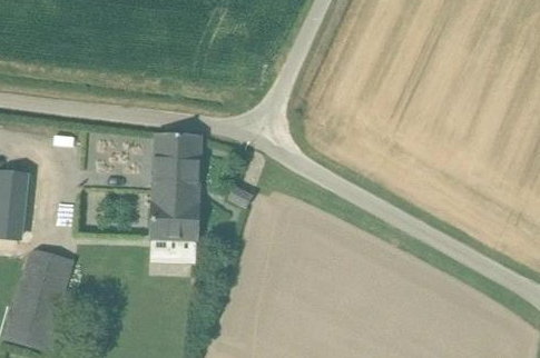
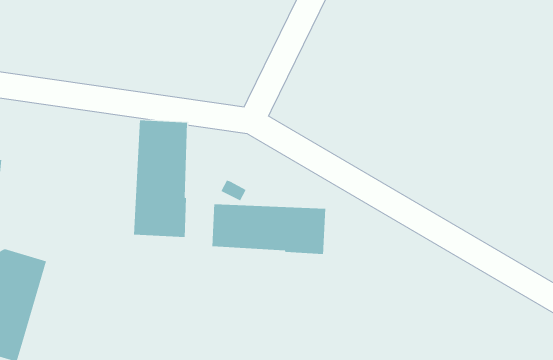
building: none -> [212,203,326,255]

